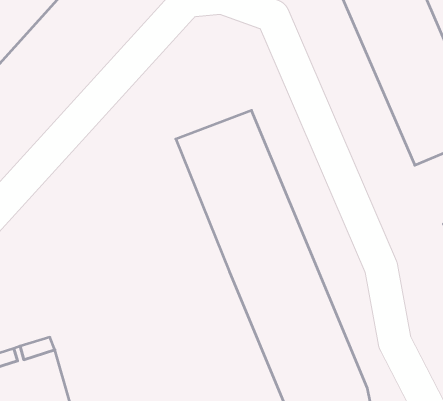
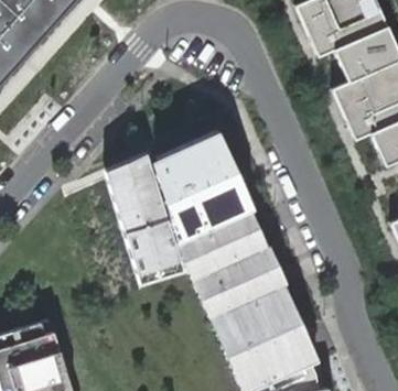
building: none -> [101,148,205,287]

